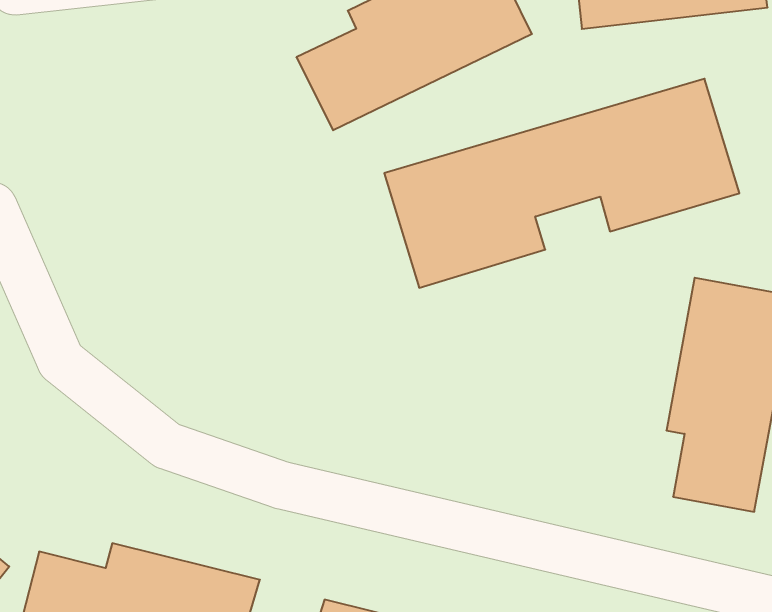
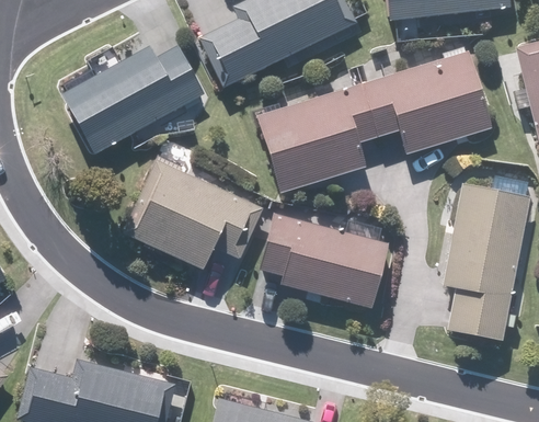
building: none -> [64,46,205,155]
building: none -> [122,159,263,271]
building: none -> [261,214,387,308]

